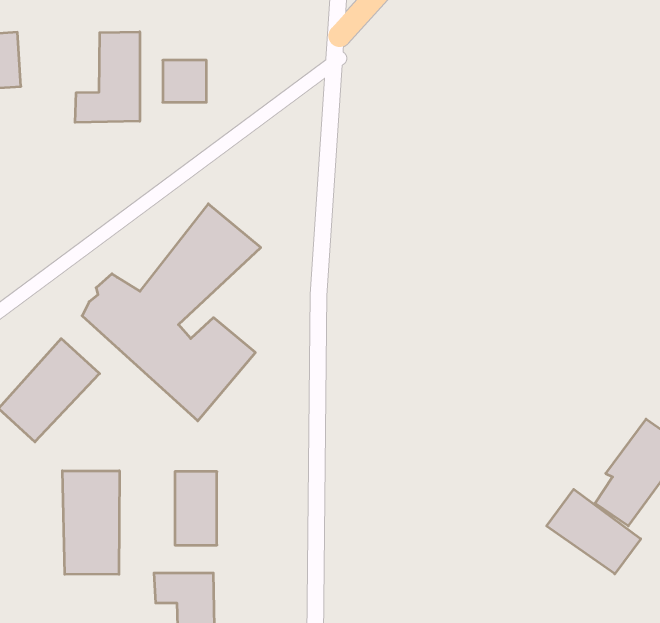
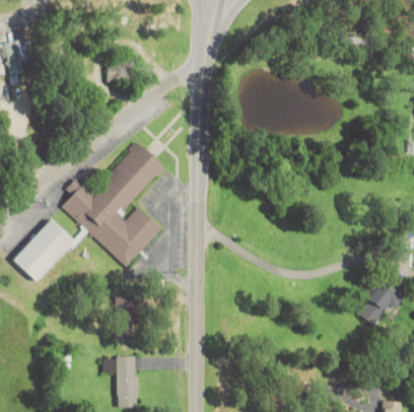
building: [75,32,140,122] -> none
building: [62,471,119,574] -> none
building: [547,489,641,574] -> none

